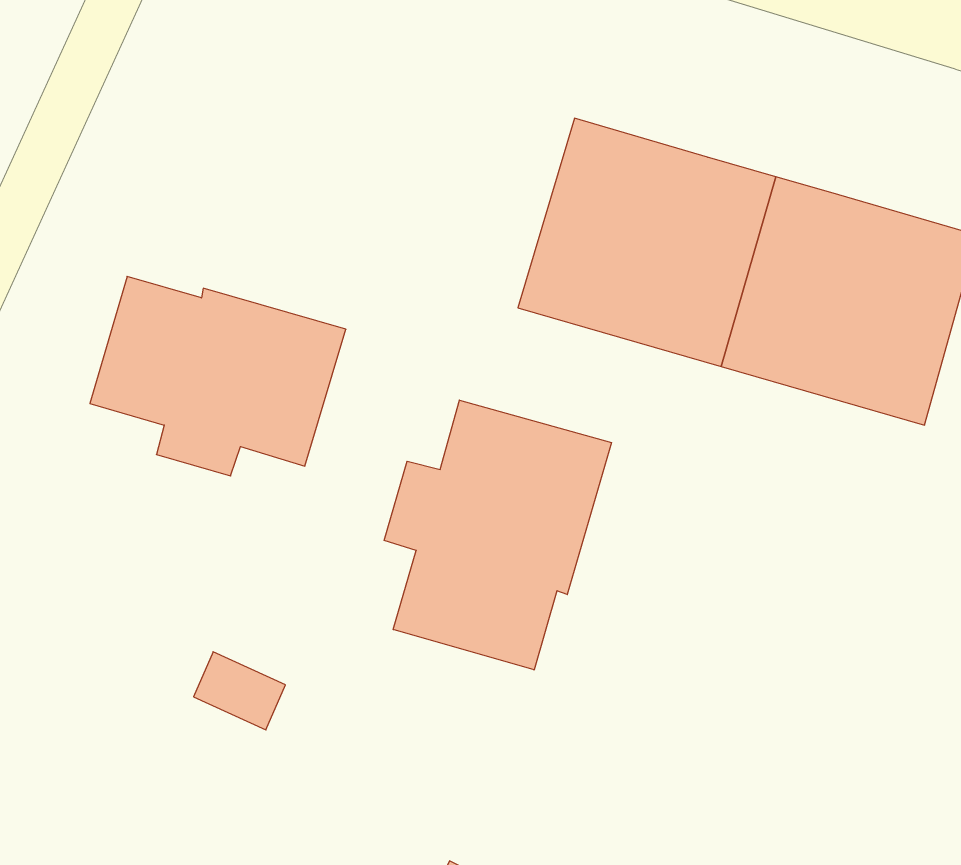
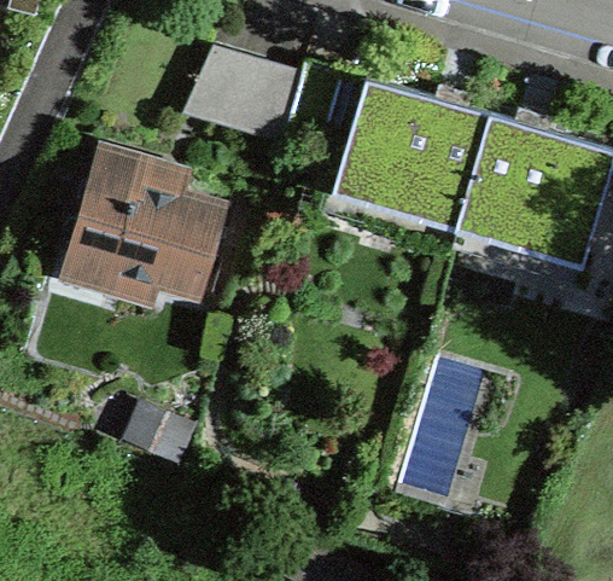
building: none -> [211,53,303,145]
building: [384,400,612,670] -> none

